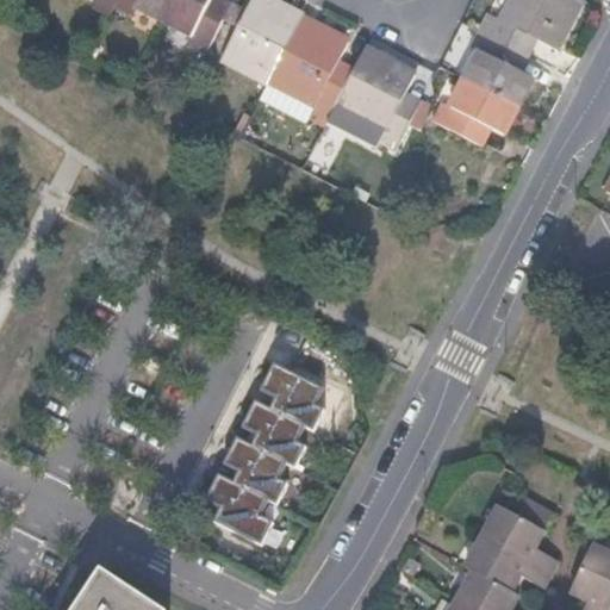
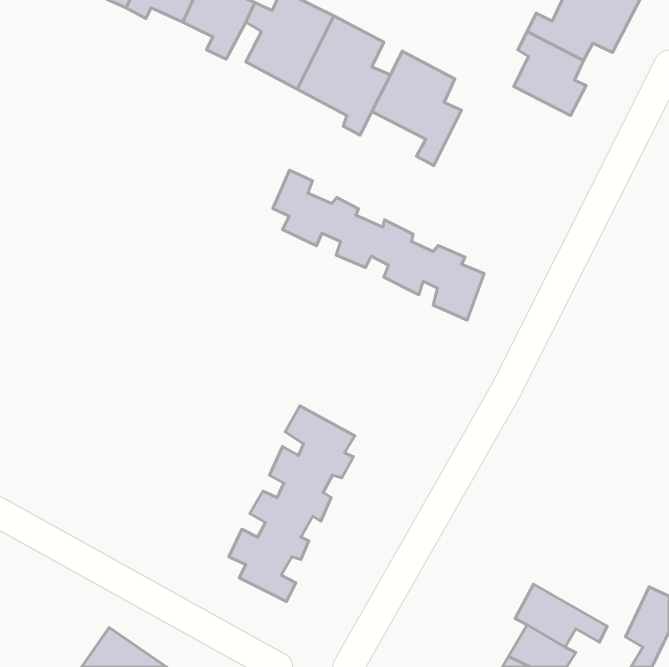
building: [434,79,517,145] -> none
building: none -> [273,170,484,320]
building: [484,500,558,568] -> none

